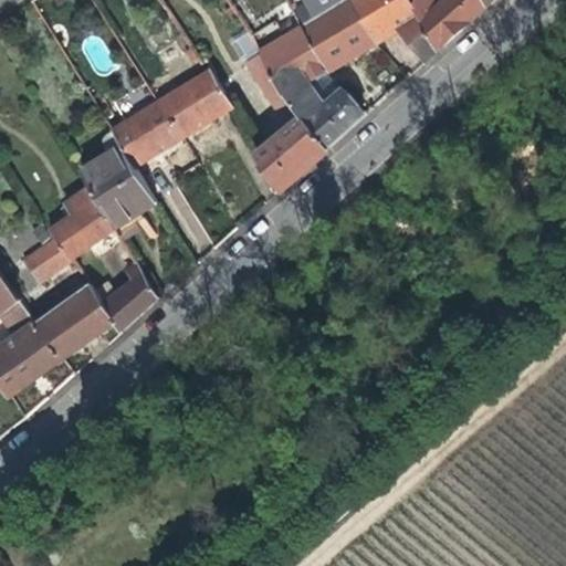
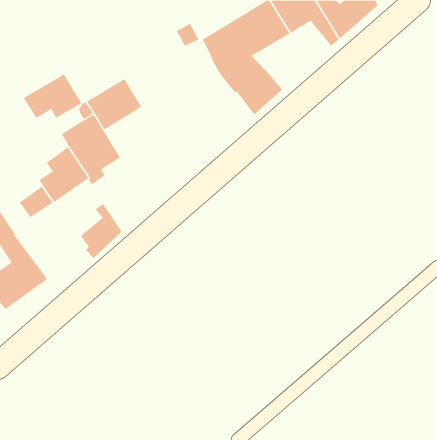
building: [243,53,326,190] -> none
building: [160,70,232,137] -> none
building: none -> [23,73,82,119]
building: [35,283,113,358] -> none

